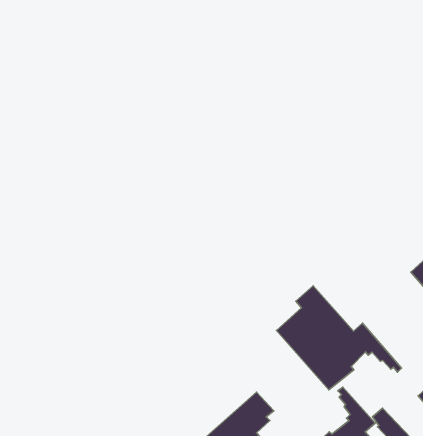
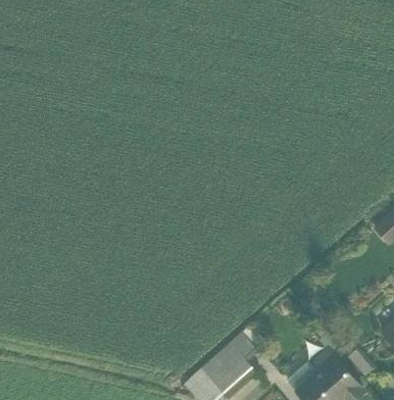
building: [276,286,402,390] -> none

